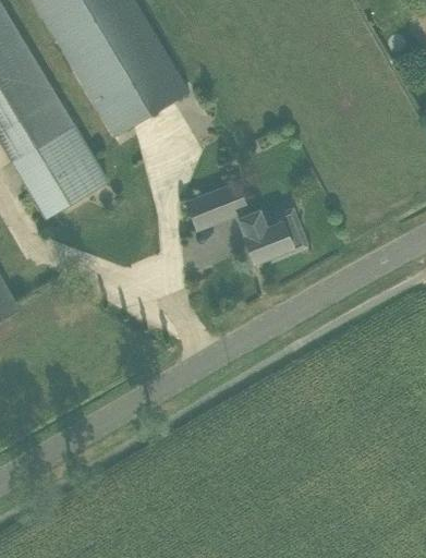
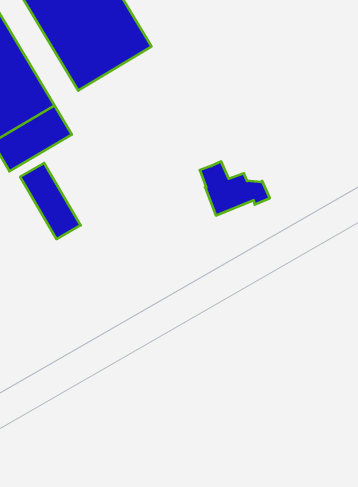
building: [185,182,248,228] -> none
building: none -> [20,163,81,239]

